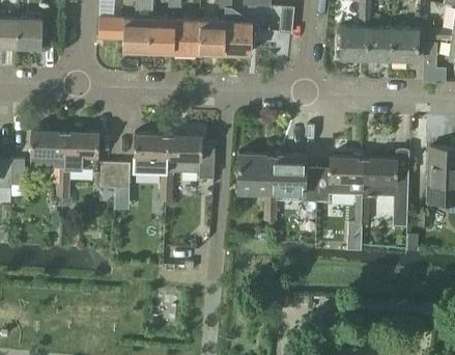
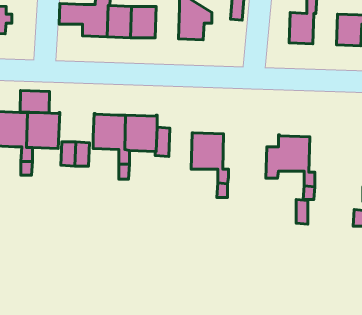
building: [199,19,225,53] -> none
building: [366,26,392,59] -> none
building: none -> [20,91,50,113]
building: [271,154,317,200] -> none
building: [362,157,409,225] -> none

